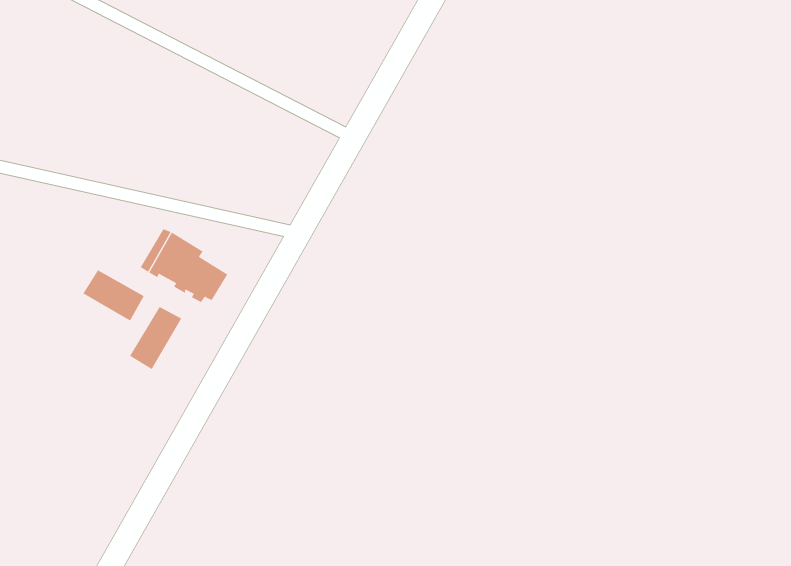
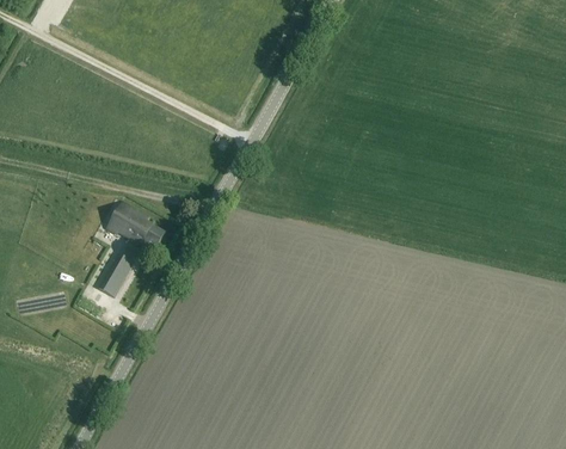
building: [83,269,145,322] -> none

